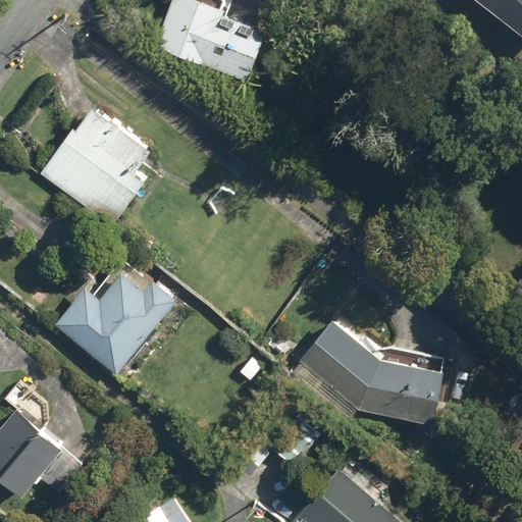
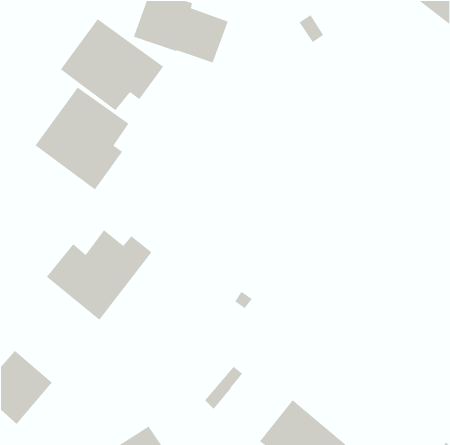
building: none -> [60,18,164,111]
building: [299,321,441,423] -> none

